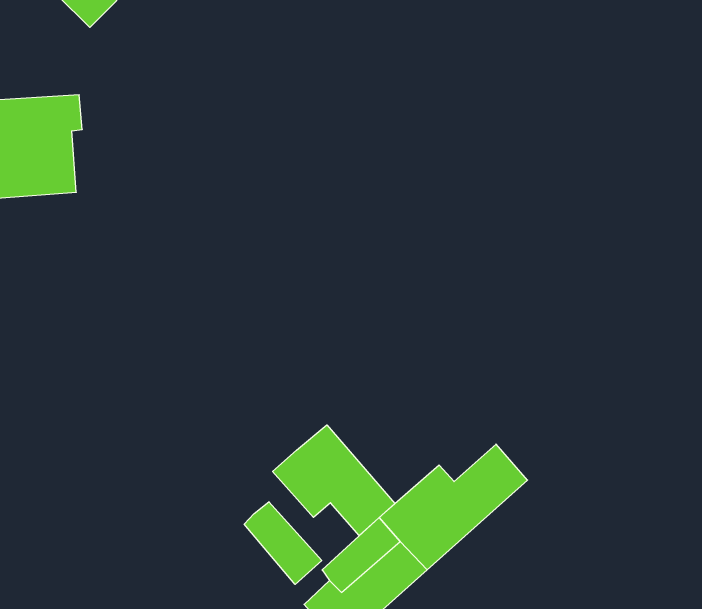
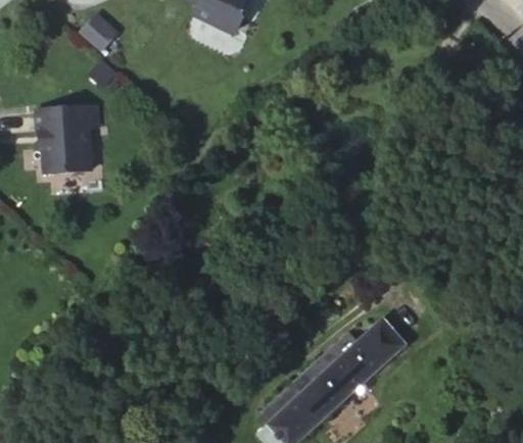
building: [273,425,395,535] -> none
building: [244,502,322,584] -> none

